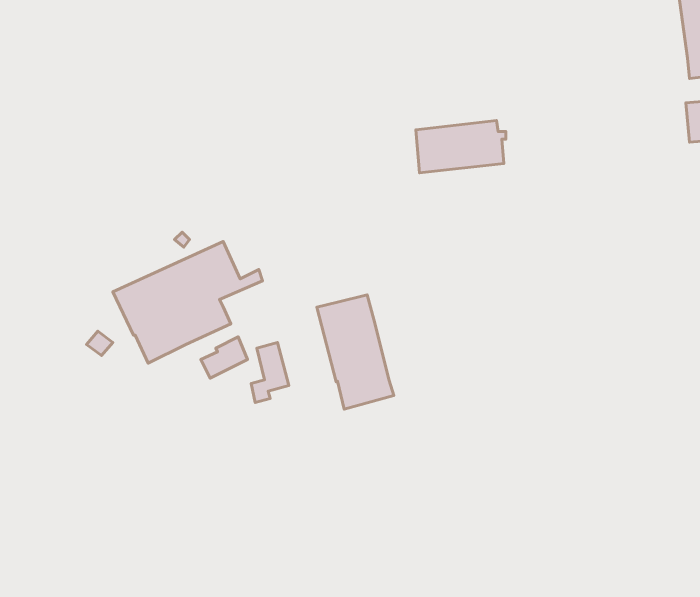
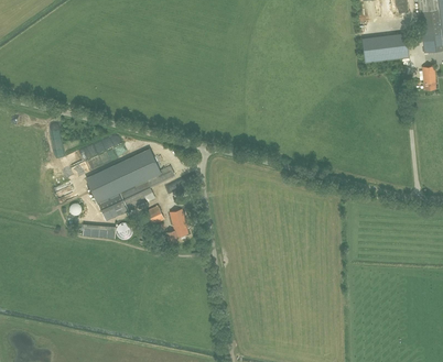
building: [416,120,506,173] -> [358,32,411,63]
building: [317,295,394,409] -> none

